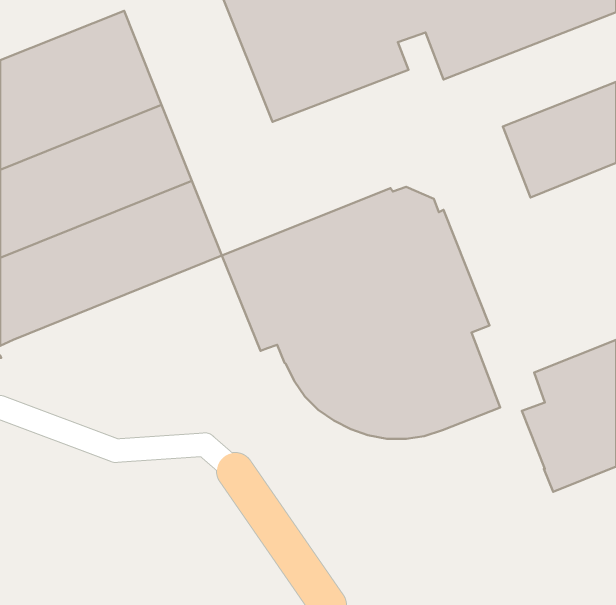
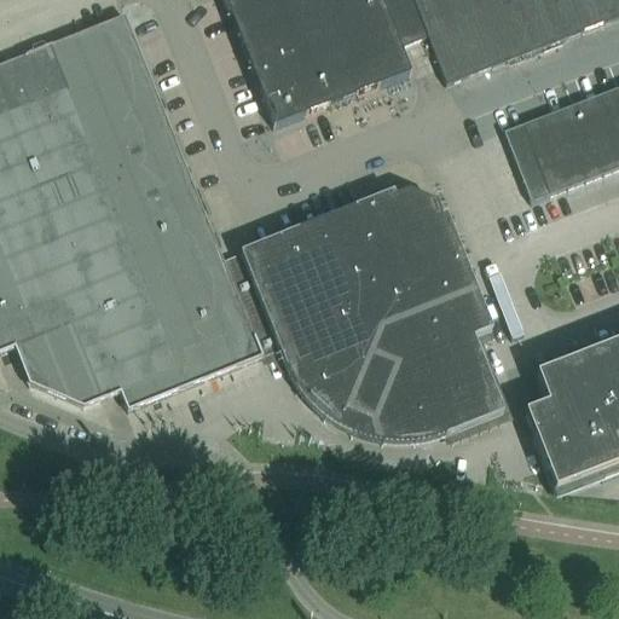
building: none -> [13,256,261,405]

